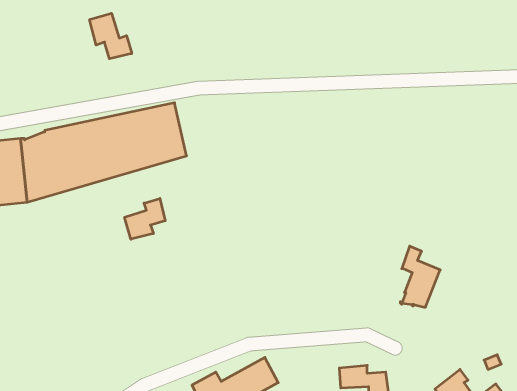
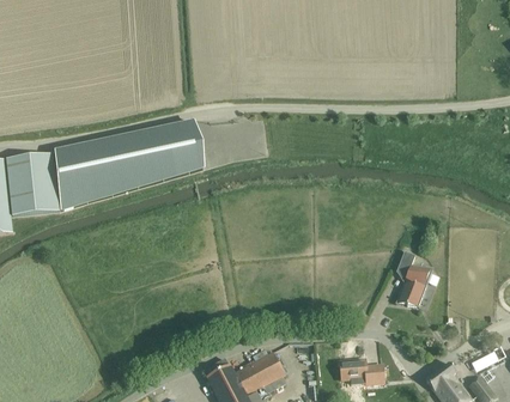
building: [90,13,132,59] -> none
building: [125,198,165,239] -> none

